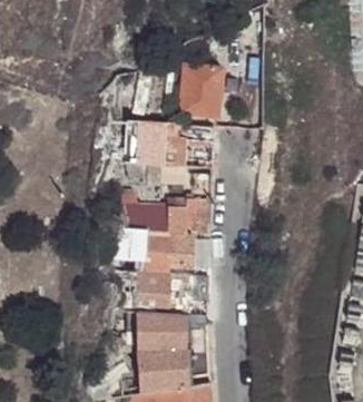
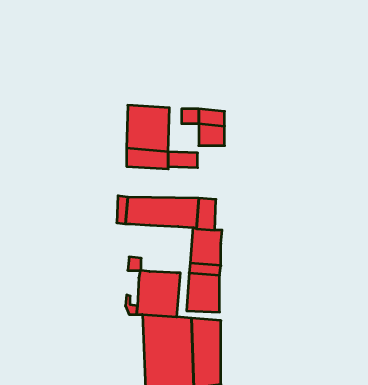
building: [178,62,223,116] -> none
building: [145,229,170,273] -> none

